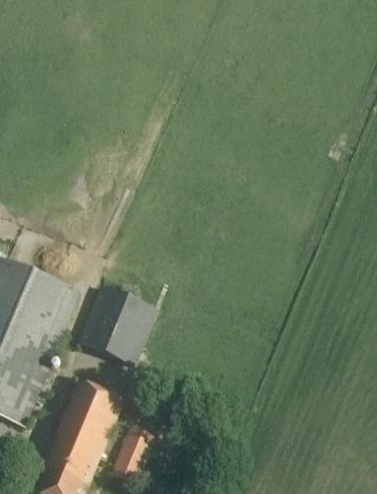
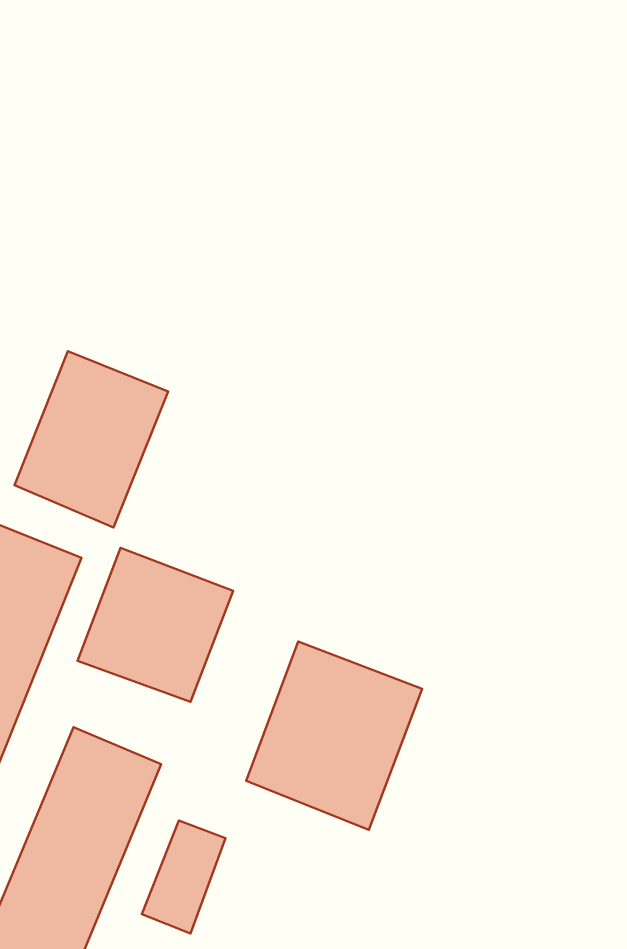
building: none -> [14,351,168,528]
building: none -> [246,642,422,830]

